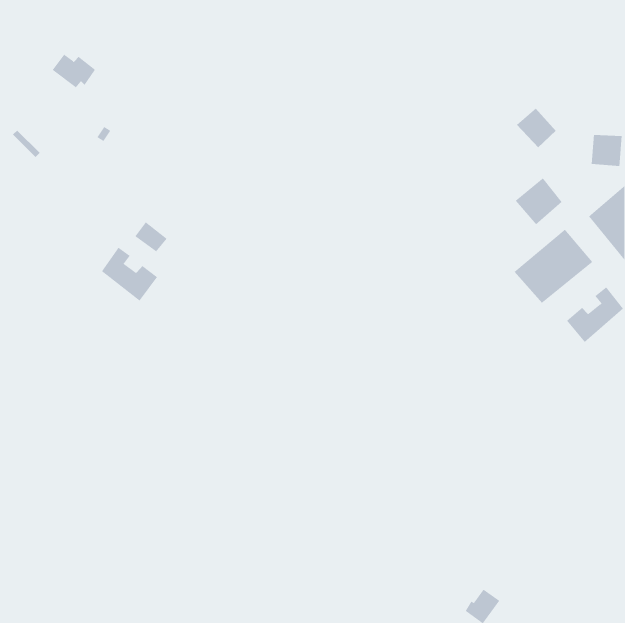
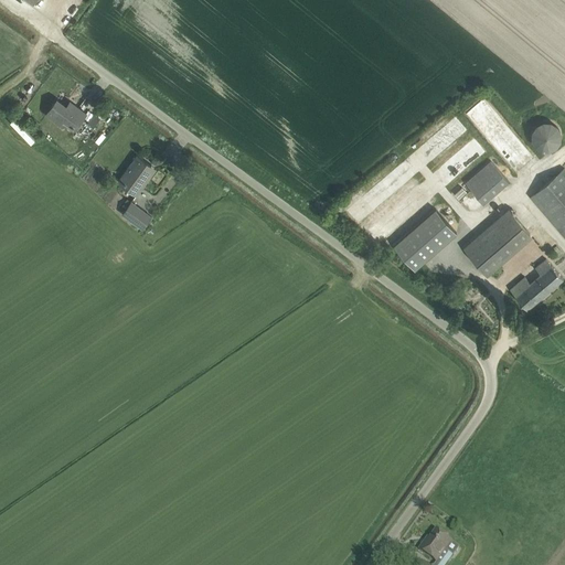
building: [52,54,96,88] -> [46,102,86,132]
building: none -> [118,157,151,196]
building: none -> [394,210,456,269]
building: [101,247,158,302] -> none

